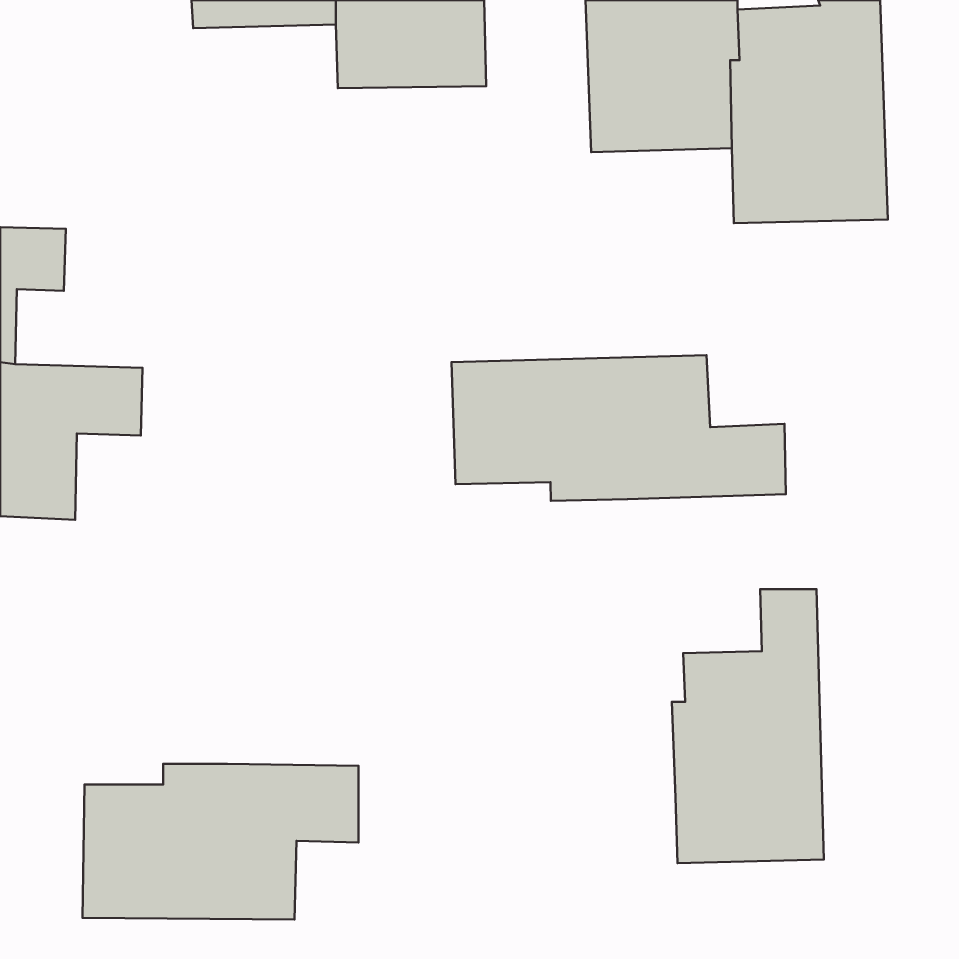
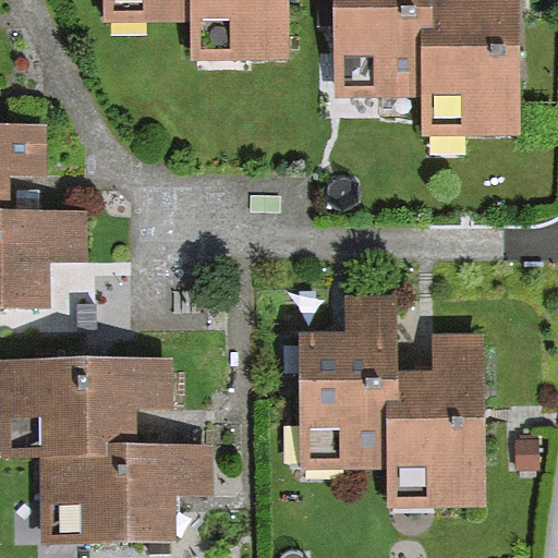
building: [451,355,786,501] -> none
building: none -> [304,304,398,465]
building: none -> [9,365,165,456]

